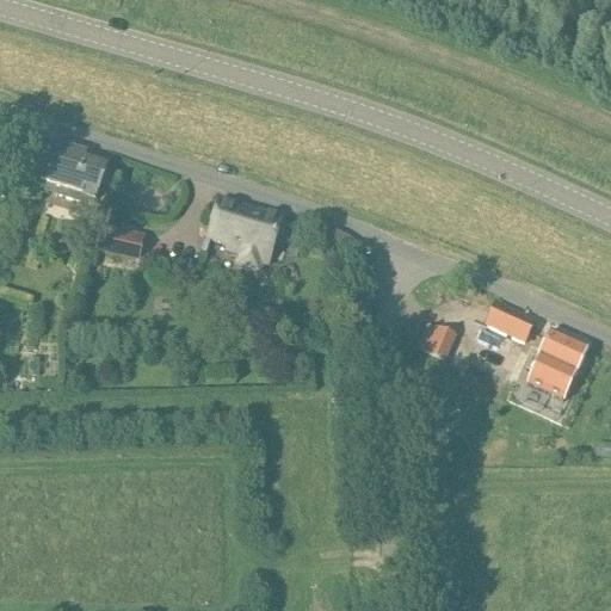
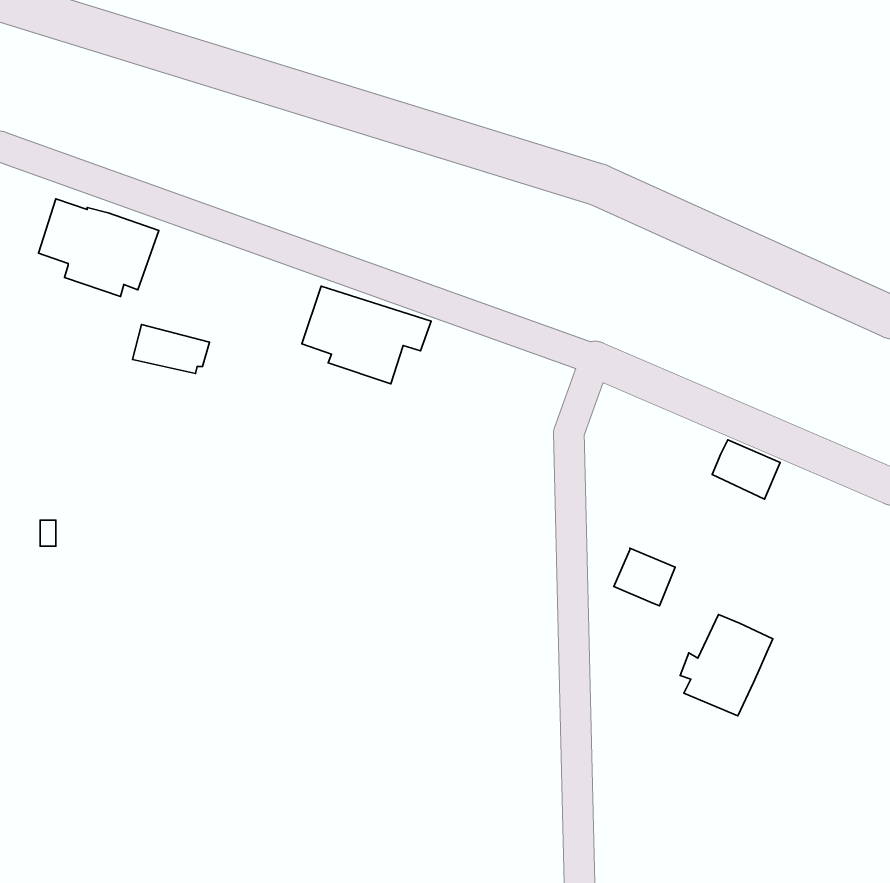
building: [415,320,457,359] -> [614,548,675,606]
building: [525,328,588,397] -> [680,614,773,716]

